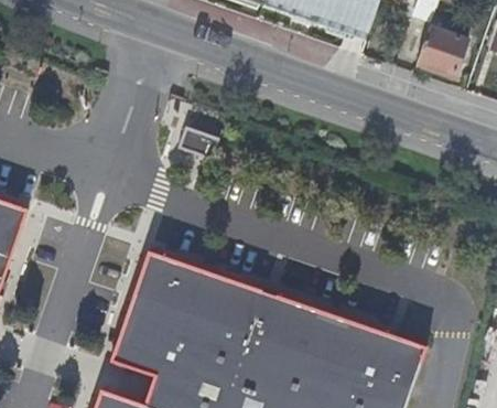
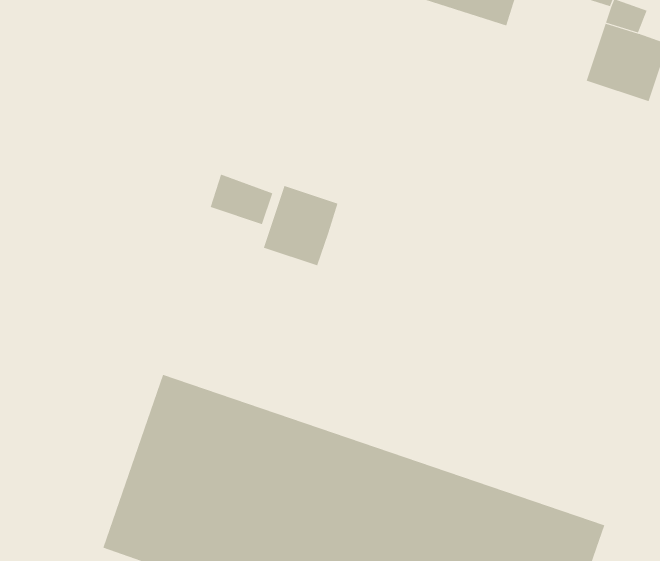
building: none -> [263,185,338,266]

